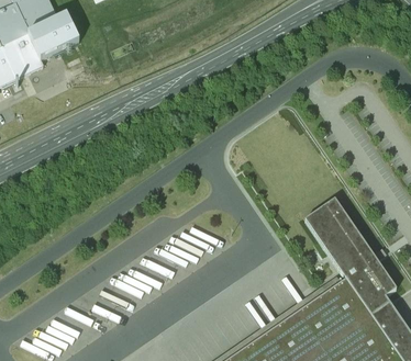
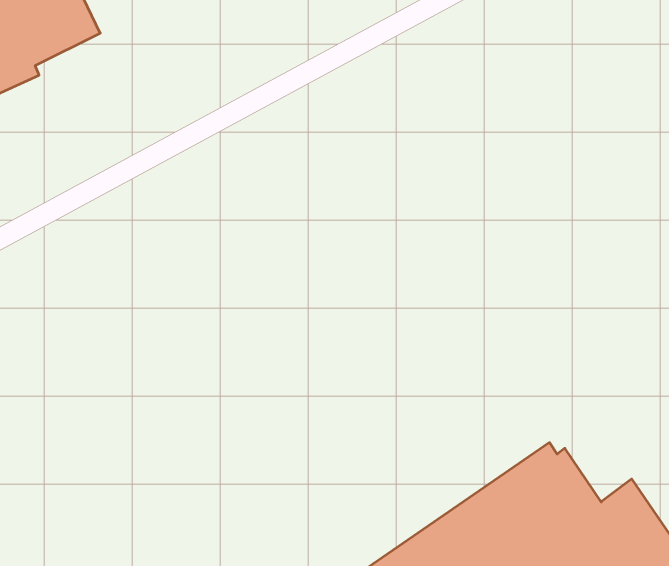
building: [308,202,399,312] -> none

